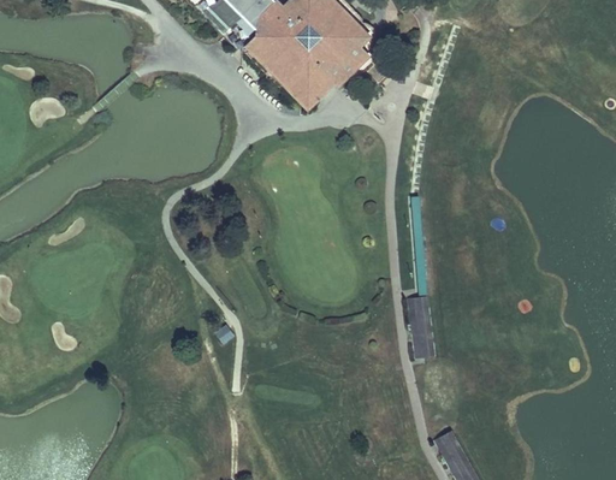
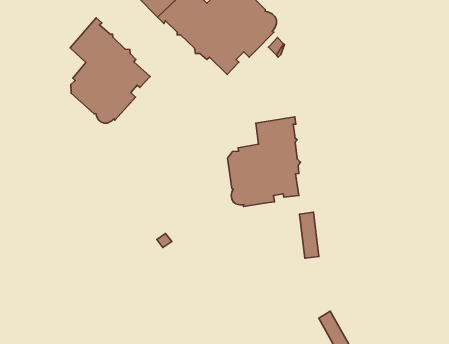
building: none -> [70,18,150,123]
building: none -> [227,117,300,206]

